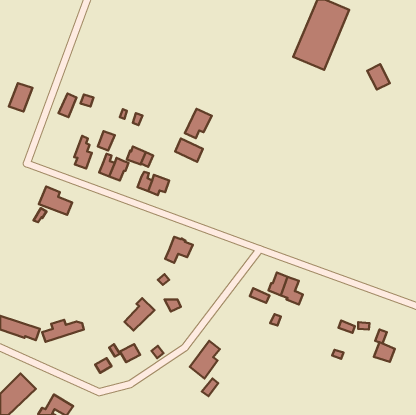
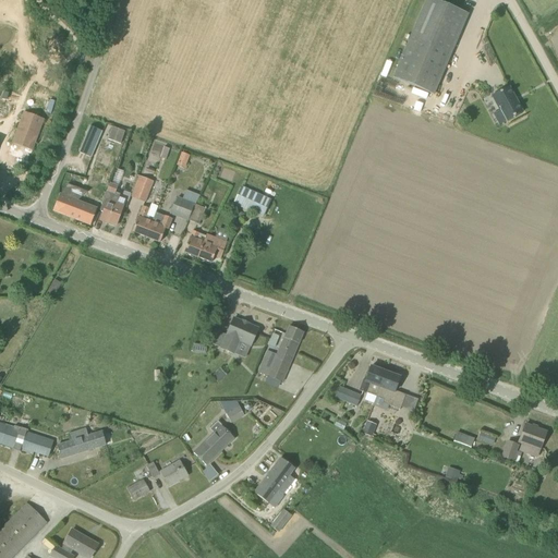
building: [185,109,212,138] -> none
building: [39,186,72,215] -> [52,186,97,225]
building: none -> [258,325,303,381]
building: [124,298,155,331] -> [194,421,234,464]
building: [374,342,395,362] -> [518,423,546,449]

